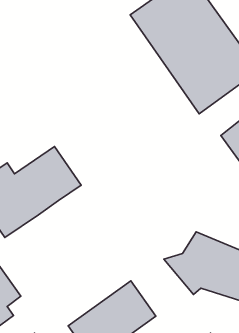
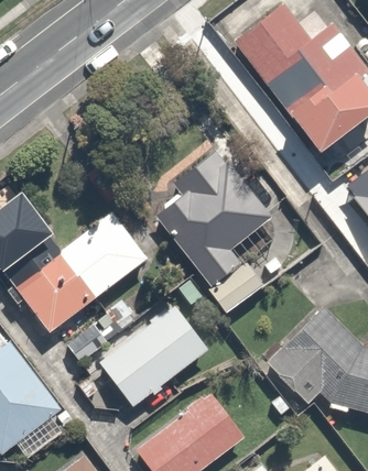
building: none -> [152,142,272,311]
building: none -> [97,294,212,403]

